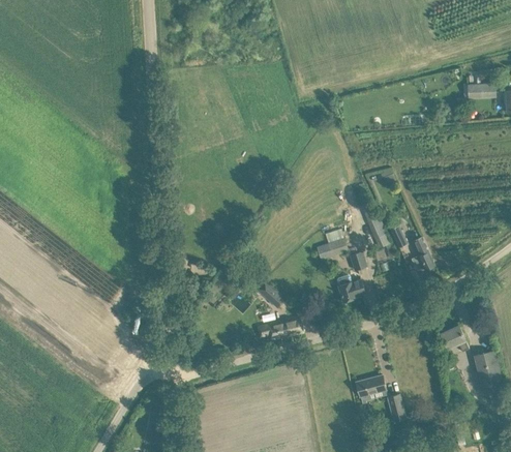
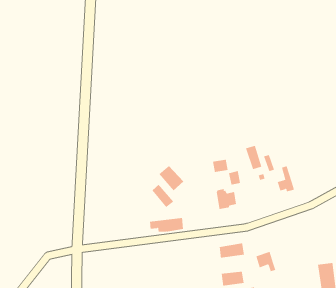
building: none -> [159,165,184,191]
building: [441,326,469,352] -> [256,251,276,272]
building: none -> [219,242,244,259]

